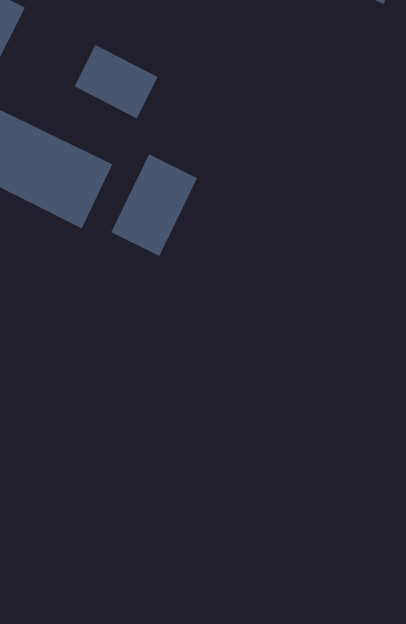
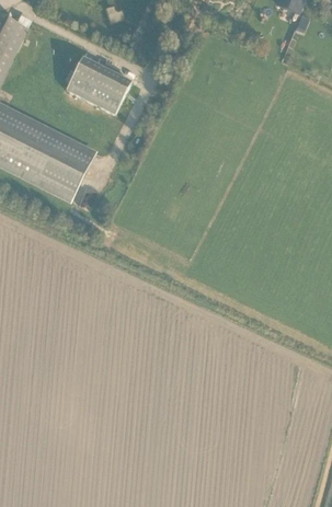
building: [111,154,198,257] -> none

